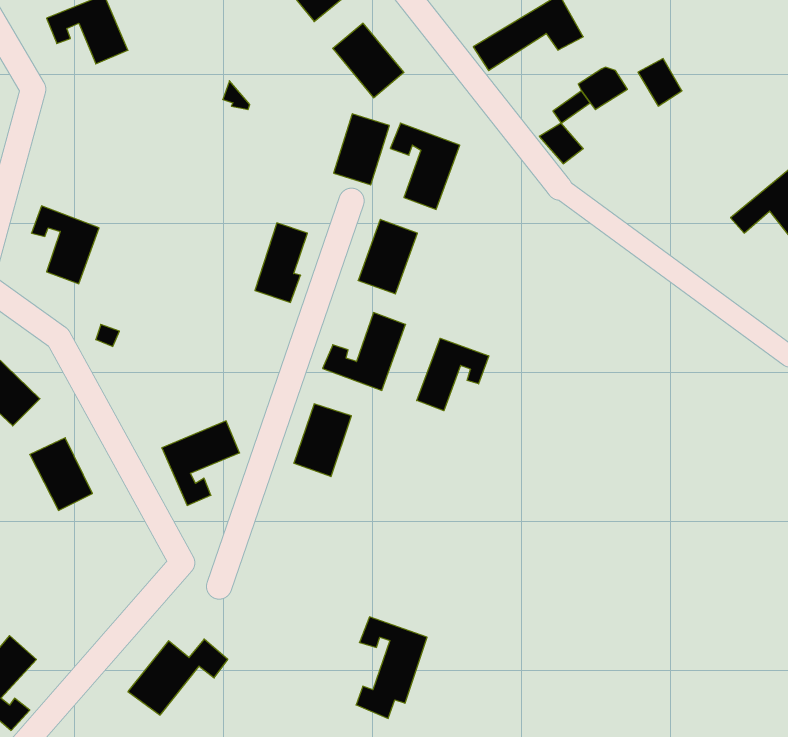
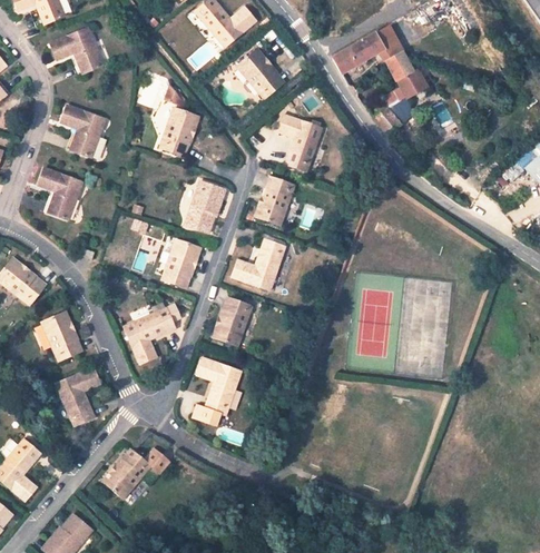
building: [638,59,682,106] -> [385,55,414,86]
building: none -> [61,103,106,156]
building: [334,114,389,185] -> [160,105,197,151]
building: none -> [163,237,199,284]
building: [417,338,489,411] -> none
building: none -> [57,374,100,433]
building: [356,617,427,718] -> [193,356,239,423]

